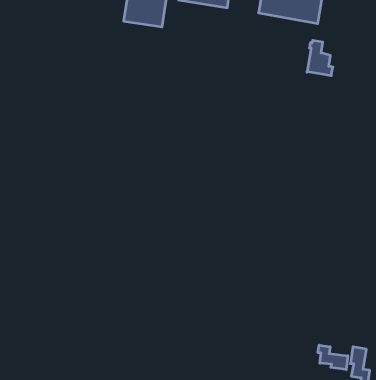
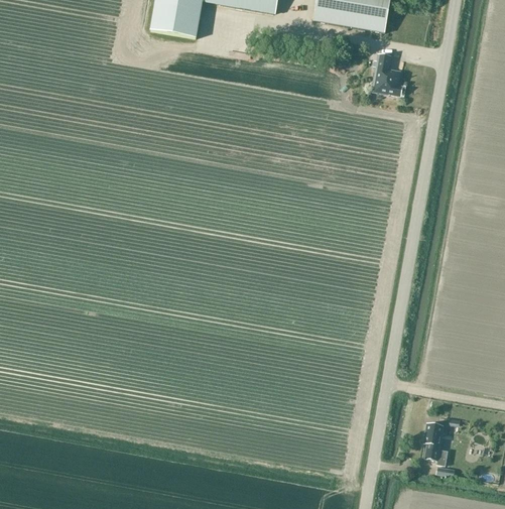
building: [318,345,348,370] -> none

